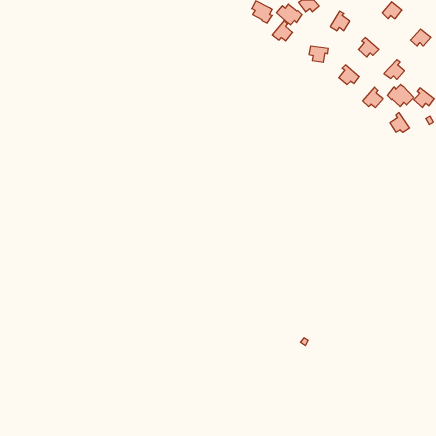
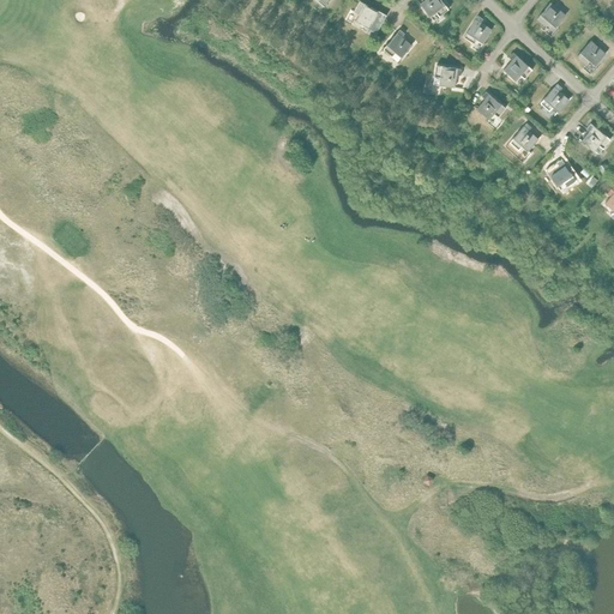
building: [277,4,302,25] -> none
building: [387,84,414,107] -> none

